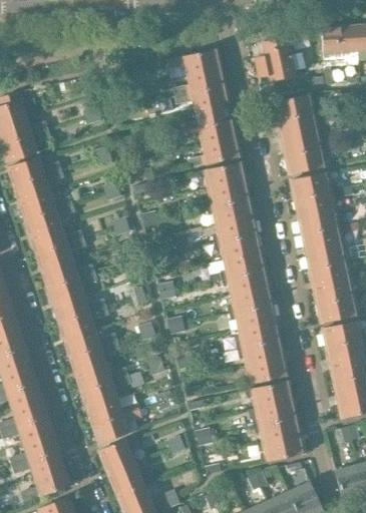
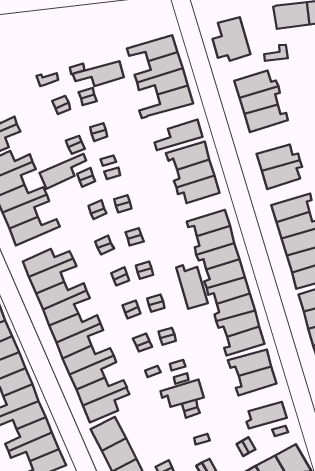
building: [181,122,234,146] -> [73,61,124,86]
building: [287,147,329,173] -> none
building: [300,208,344,233] -> none
building: [213,216,255,243] -> none
building: [36,238,85,272] -> [39,154,86,189]
building: none -> [176,265,208,309]
building: [254,418,298,444] -> [161,379,204,407]

